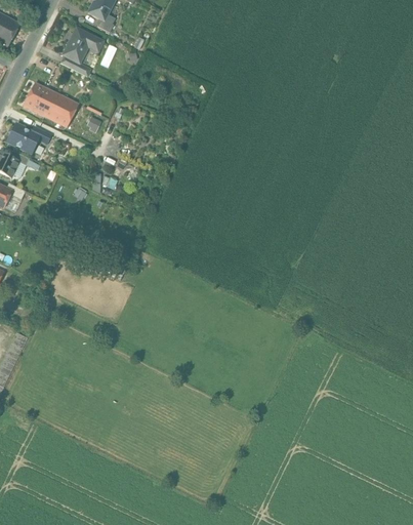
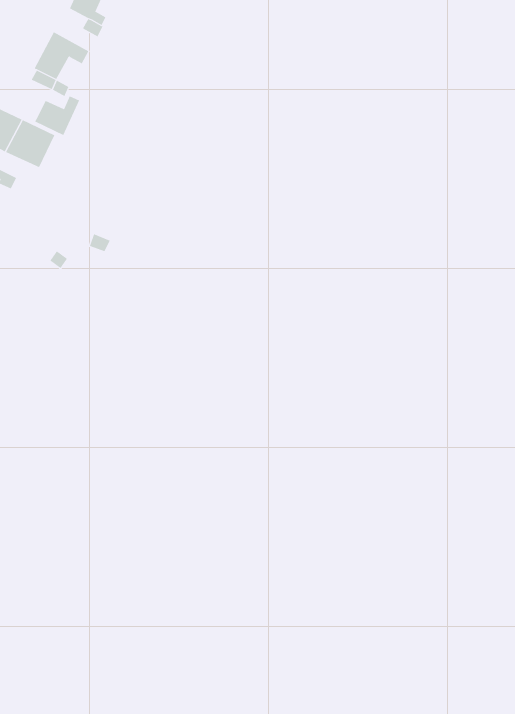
building: none -> [34,96,80,136]

